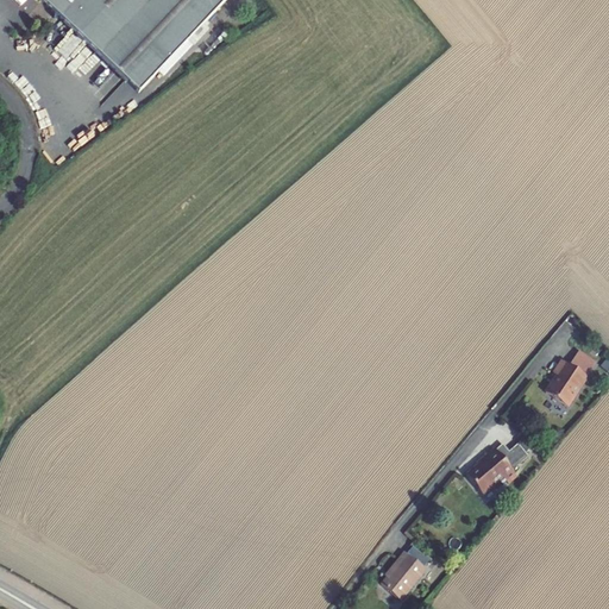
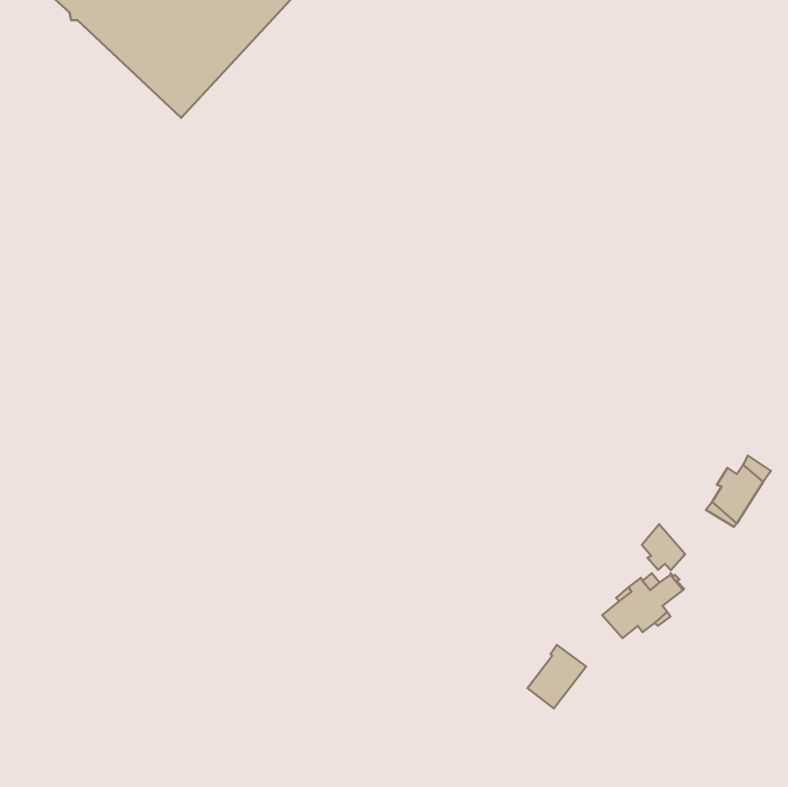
building: none -> [642,524,685,570]
building: [383,547,428,596] -> [527,645,586,708]

